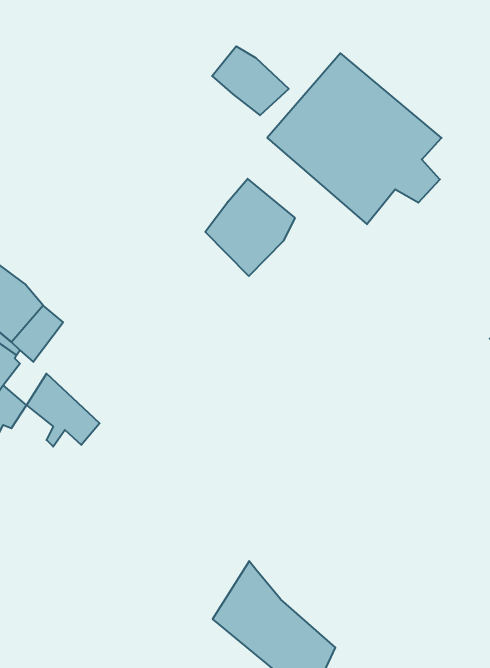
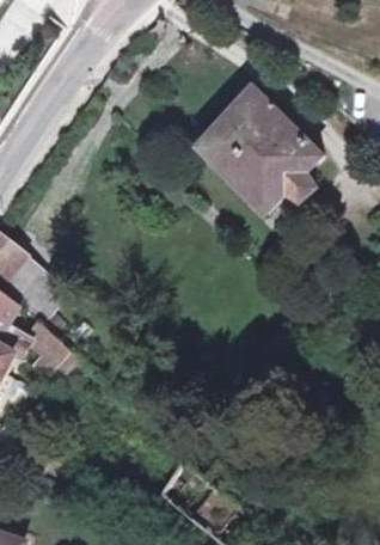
building: [212,46,289,115] -> none
building: [205,179,295,276] -> none

